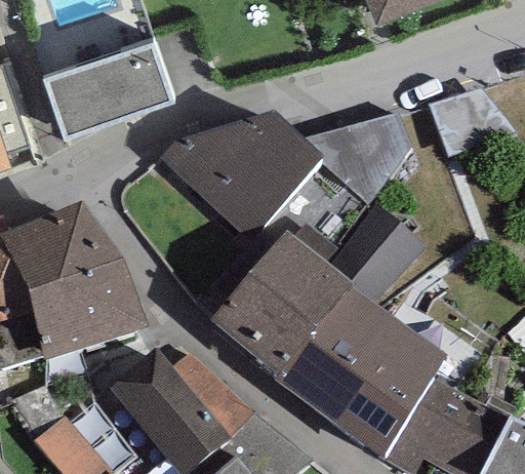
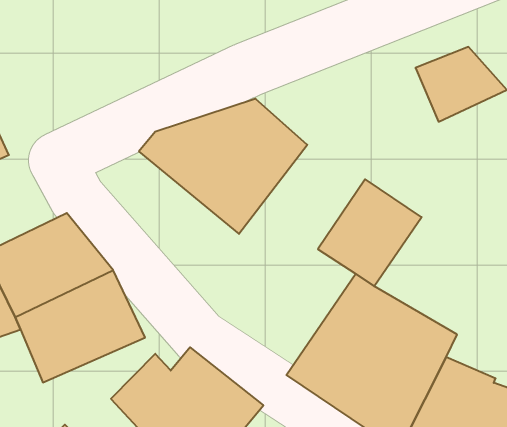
building: [47,33,175,127] -> none
building: [311,111,414,202] -> none
building: [211,237,356,384] -> none

